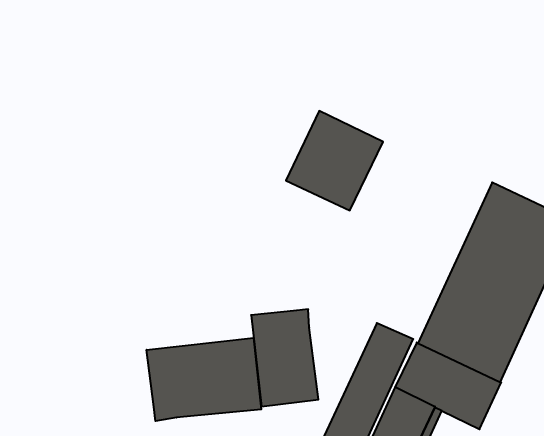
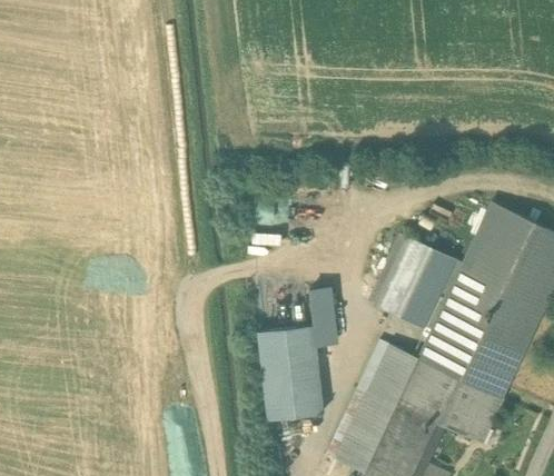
building: [286,111,383,210] -> [369,235,464,331]
building: none -> [310,290,336,345]
building: [147,338,261,421] -> none

